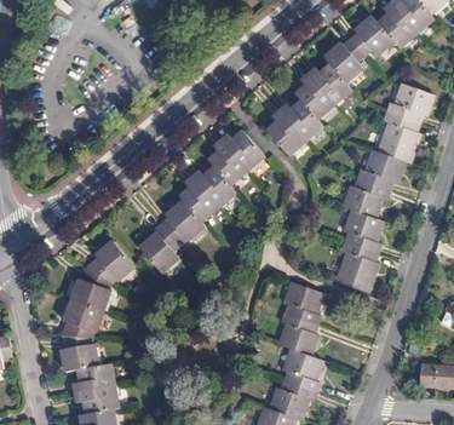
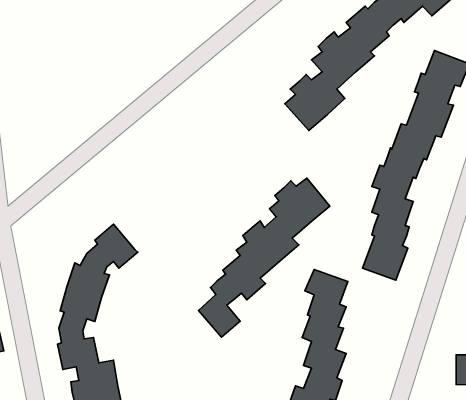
building: [143,132,262,276] -> [199,178,330,337]

